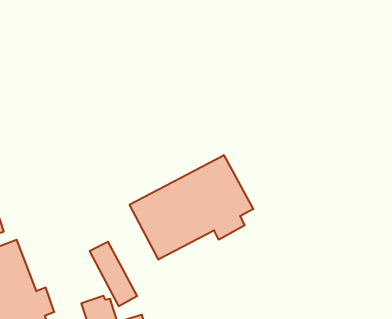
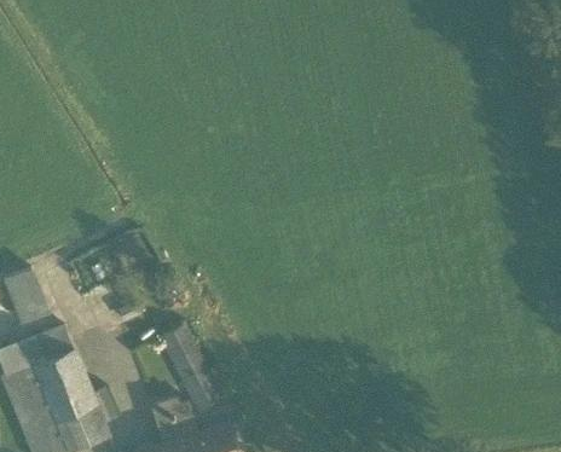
building: [130,155,253,260] -> none

